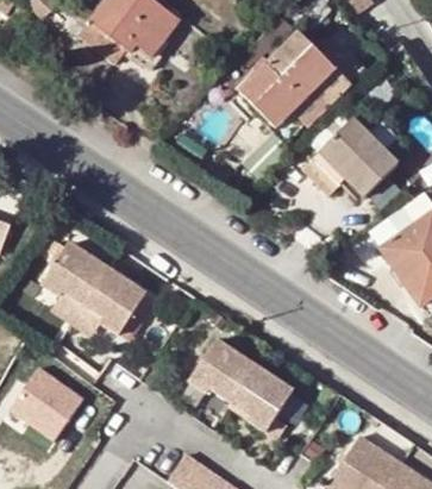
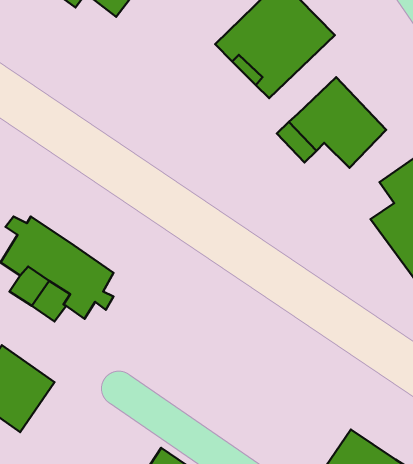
building: [192,343,293,439] -> none

